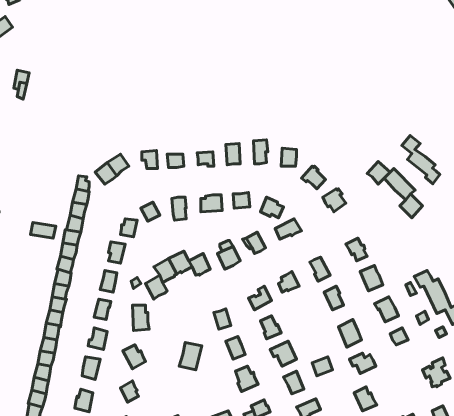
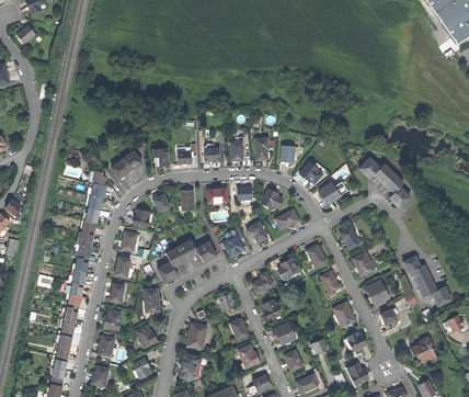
building: [402,135,440,184] -> none
building: none -> [180,353,208,378]

